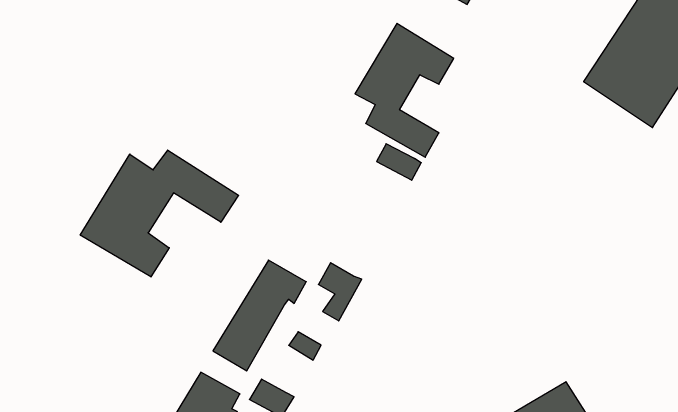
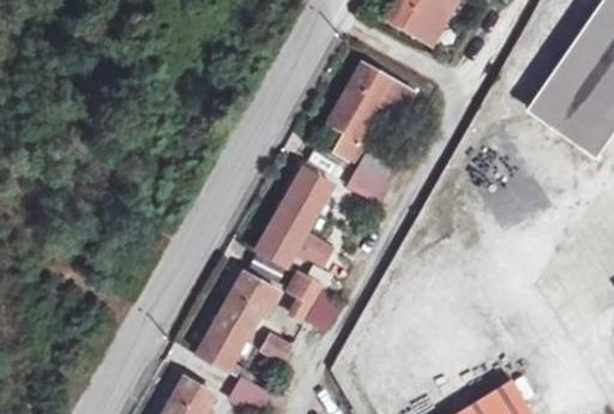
building: none -> [259,166,344,270]
building: [80,150,239,277] -> none

